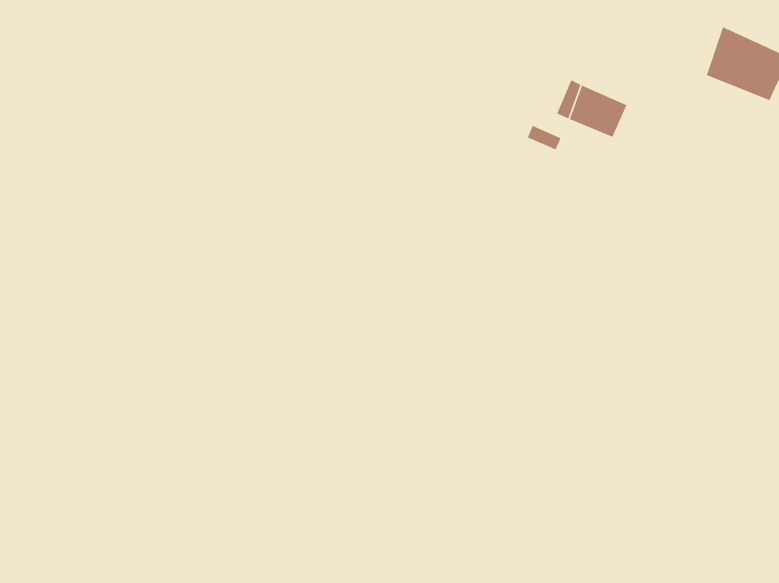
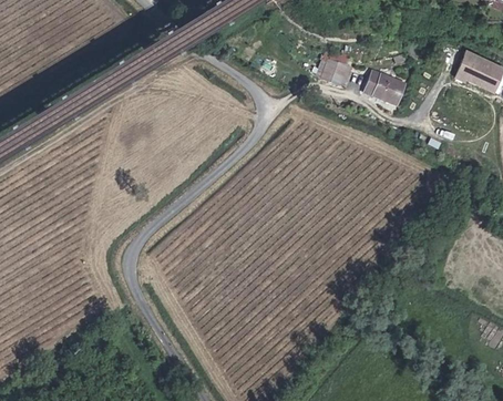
building: none -> [321,52,359,88]

